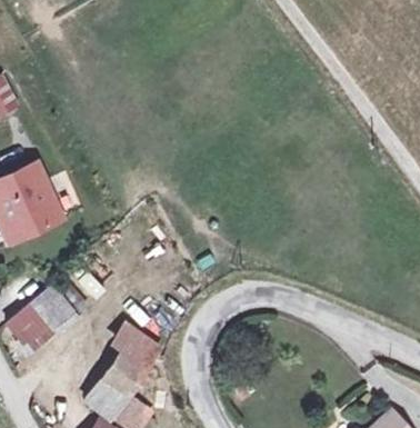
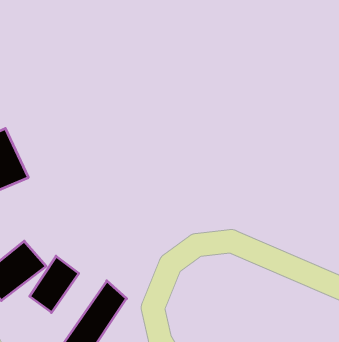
building: none -> [30,256,79,313]

